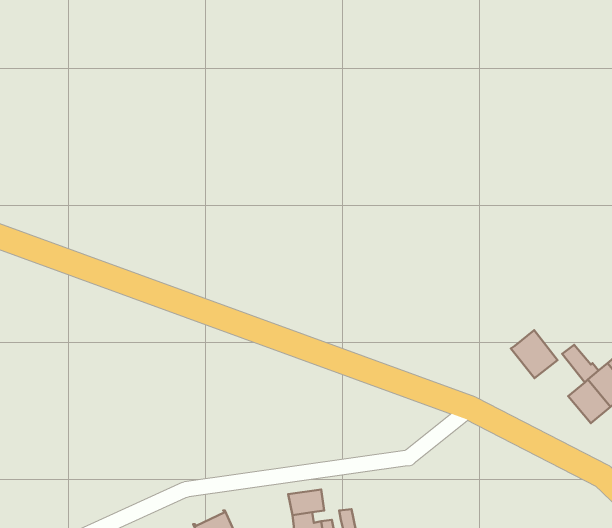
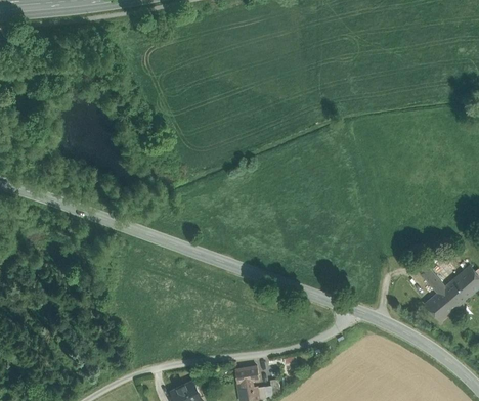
building: [511,330,558,378] -> none

